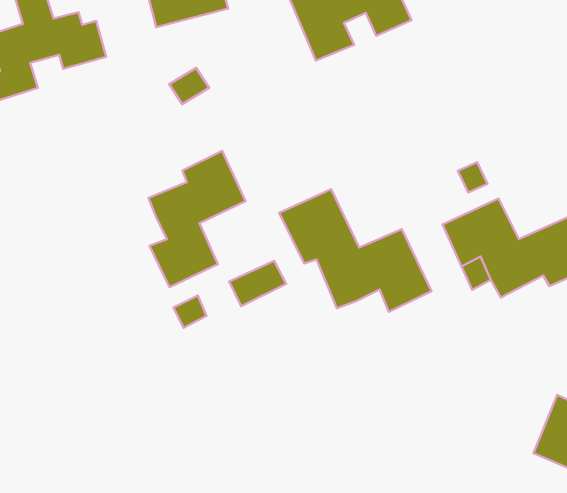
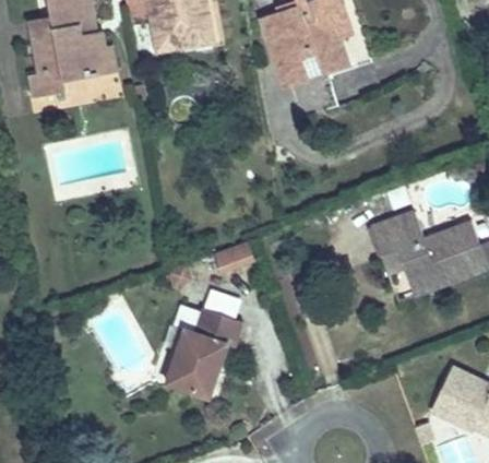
building: [148,151,245,287] -> none
building: [279,189,431,312] -> none
building: none -> [163,306,242,393]

